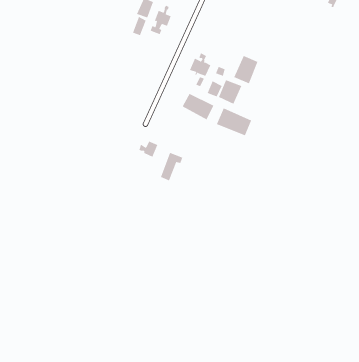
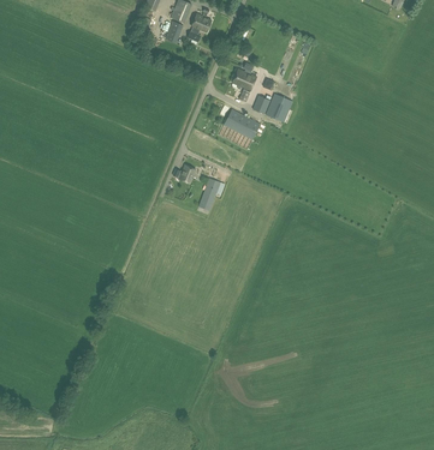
building: [234,55,258,84] -> none
building: [216,108,252,136] -> none

